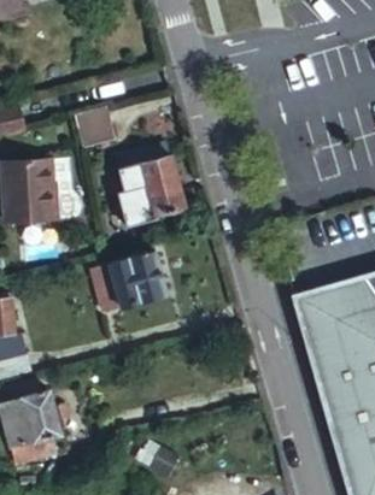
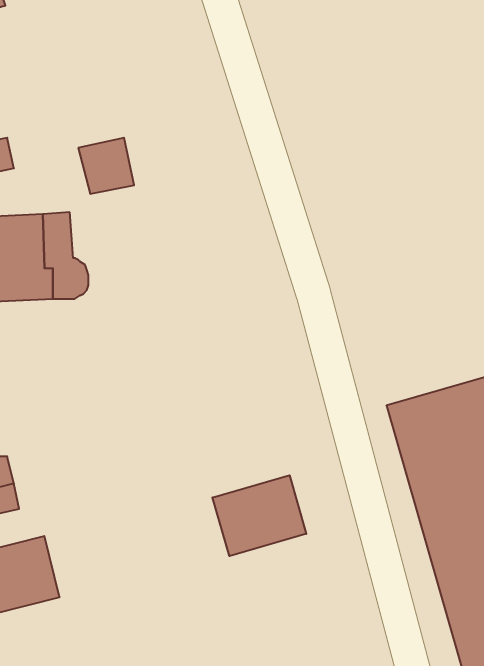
building: [112,140,183,216] -> none
building: [111,258,164,306] -> none
building: none -> [212,475,306,556]

